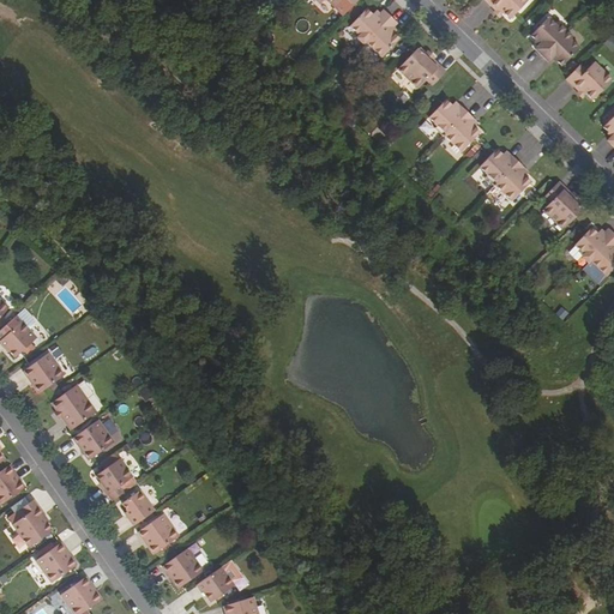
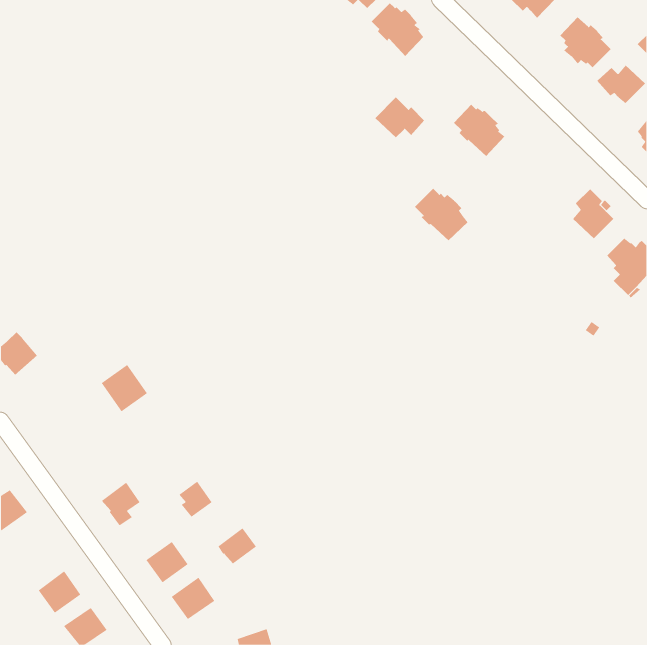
building: [397,47,445,86] -> [374,97,425,138]
building: [478,148,530,198] -> [414,188,469,241]
building: [23,353,64,392] -> none
building: [52,384,96,429] -> [101,364,148,412]
building: [73,419,114,459] -> none
building: [122,489,155,524] -> [178,481,213,517]
building: [13,498,53,546] -> none
building: [197,566,234,601] -> [218,528,257,564]

